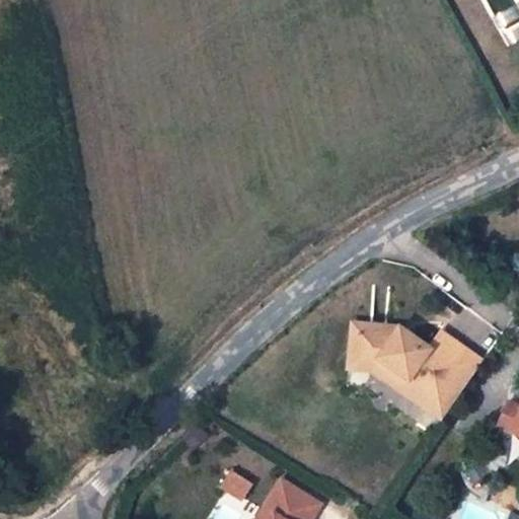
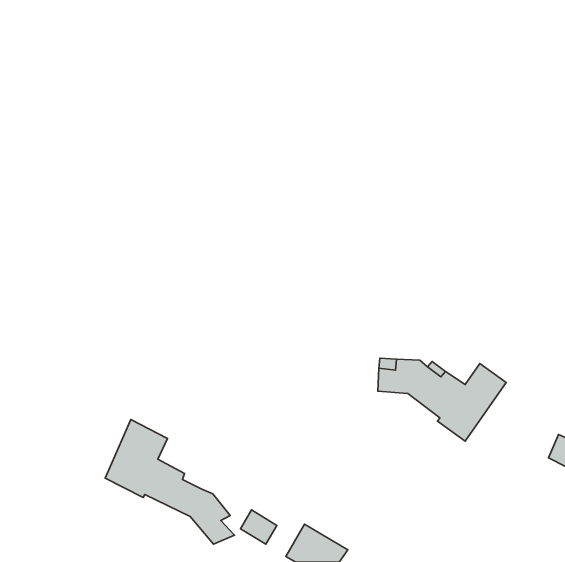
building: [345,350,481,421] -> none
building: none -> [105,420,235,544]

